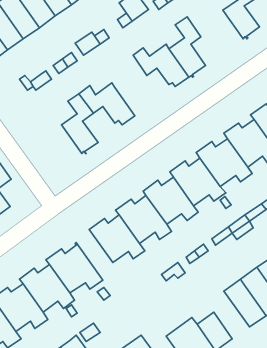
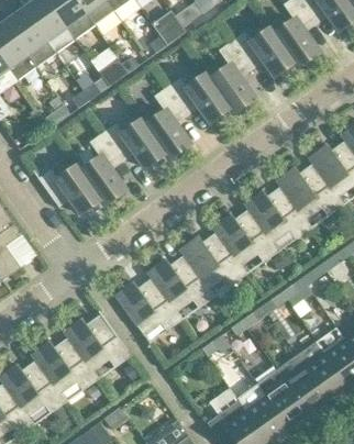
building: none -> [232,27,299,78]
building: none -> [145,86,189,158]
building: none -> [32,165,106,215]
building: none -> [255,368,307,425]

